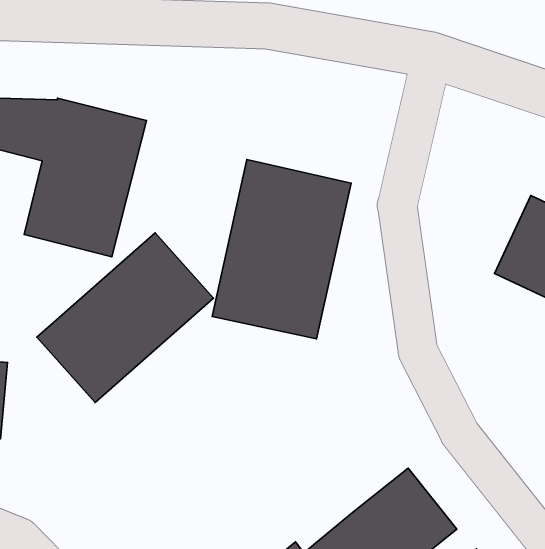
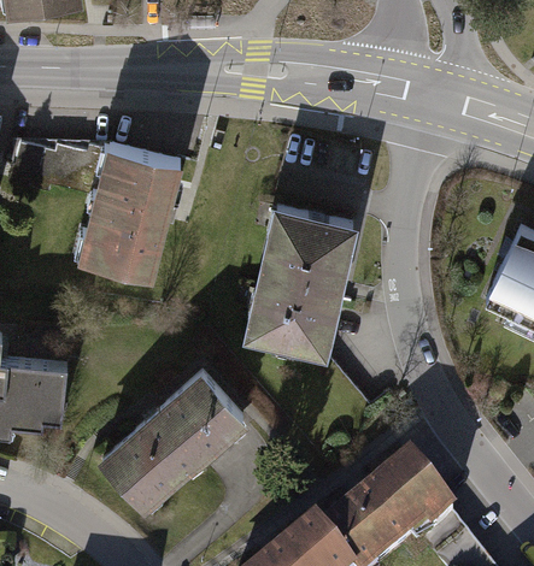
building: [37,233,213,402] -> [95,372,248,519]

